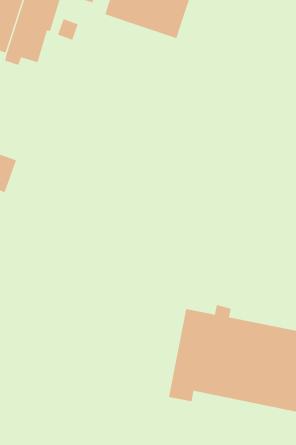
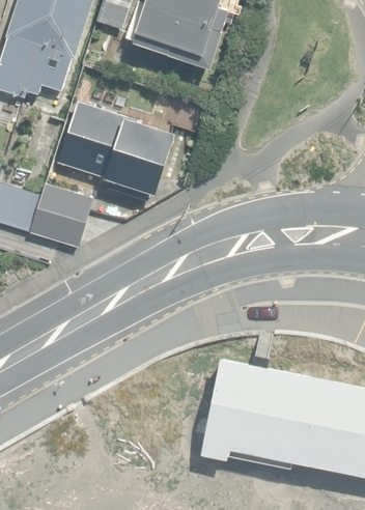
building: none -> [55,100,174,201]
building: none -> [28,182,92,247]

